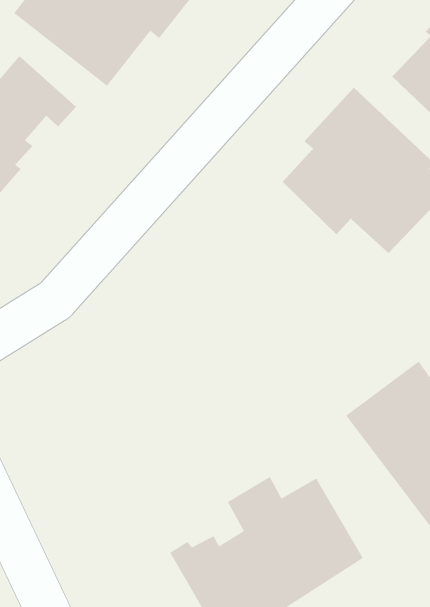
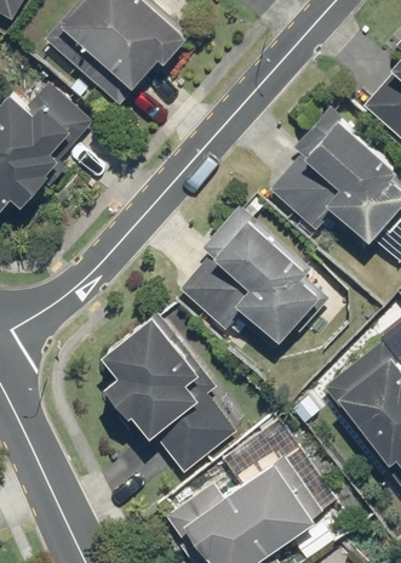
building: none -> [177,206,322,353]
building: none -> [97,314,240,480]

